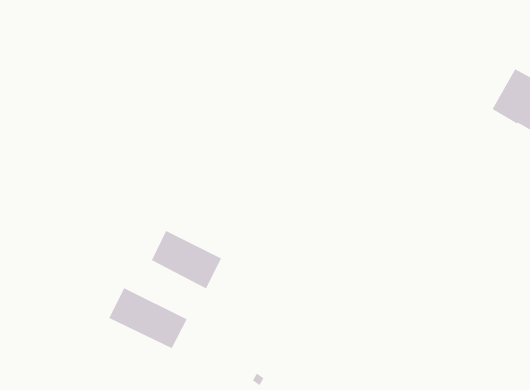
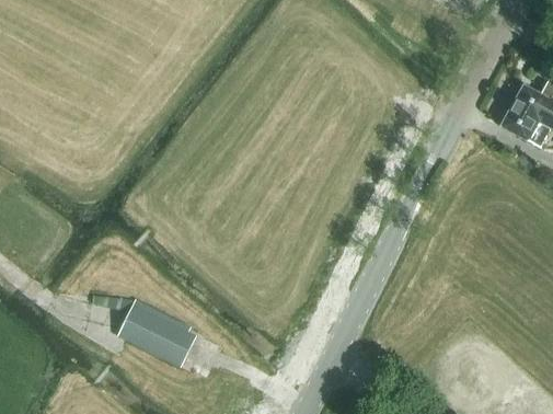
building: [151,230,222,289] -> none

